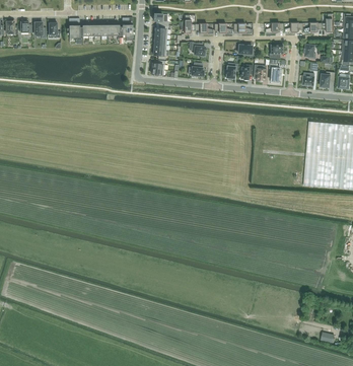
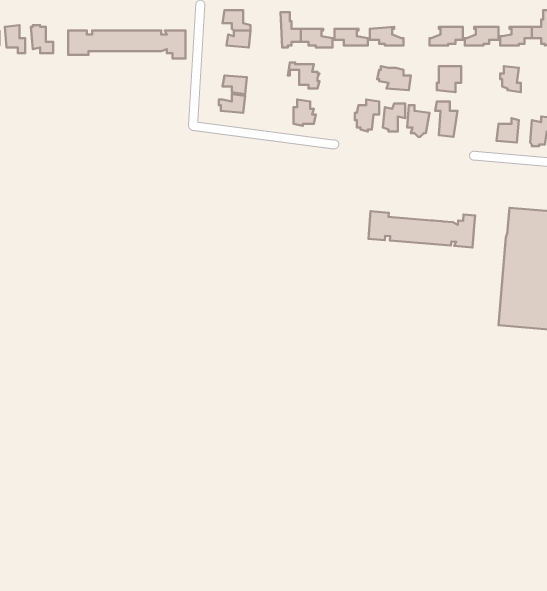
building: none -> [368,211,475,247]

